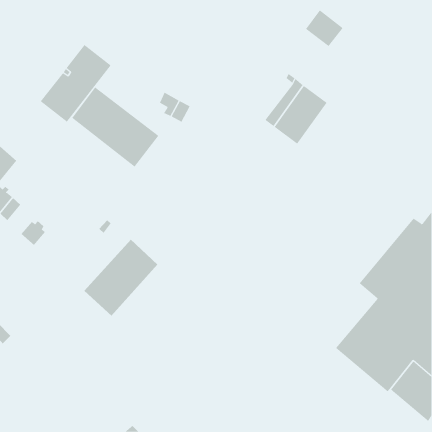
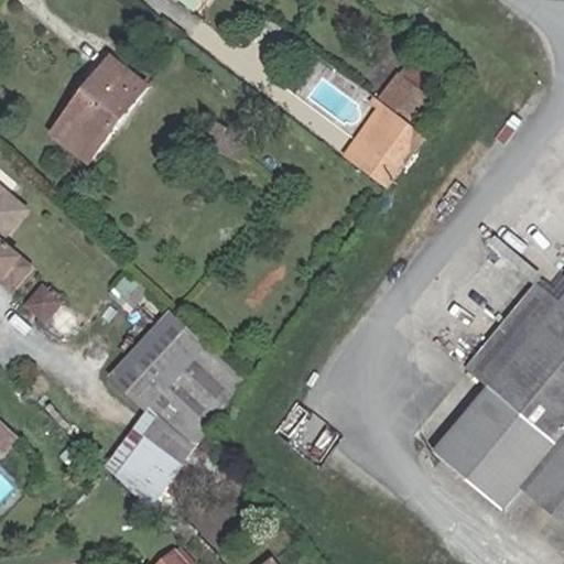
building: [305,9,343,47] -> [378,70,427,119]
building: [71,86,159,167] -> none
building: none -> [104,343,243,508]

